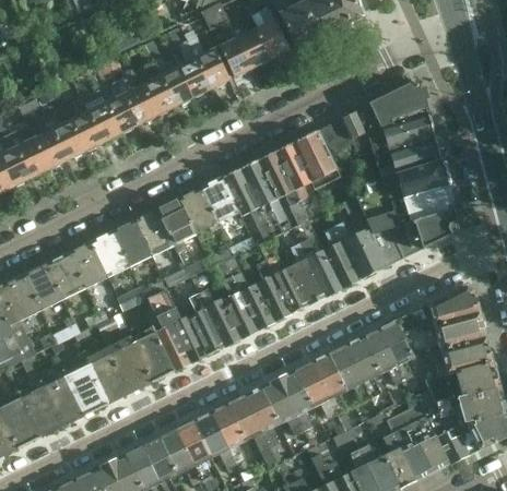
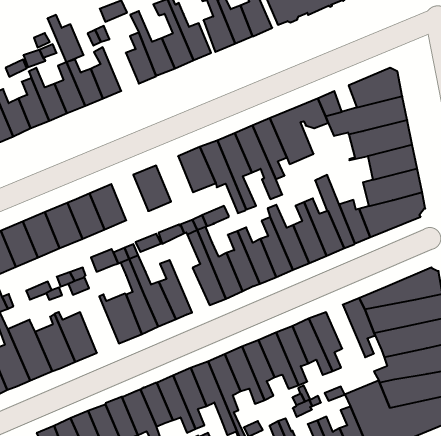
building: [116,75,155,123] -> [47,15,84,62]
building: [178,187,220,233] -> none
building: [133,208,173,255] -> none
building: [198,289,241,346] -> none
building: [362,328,404,385] -> none
building: [109,335,151,393] -> none

